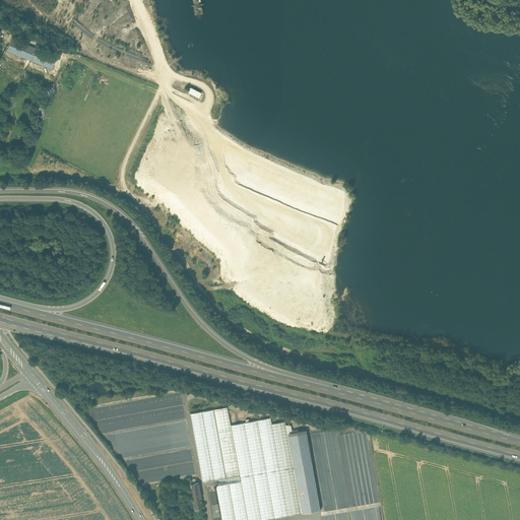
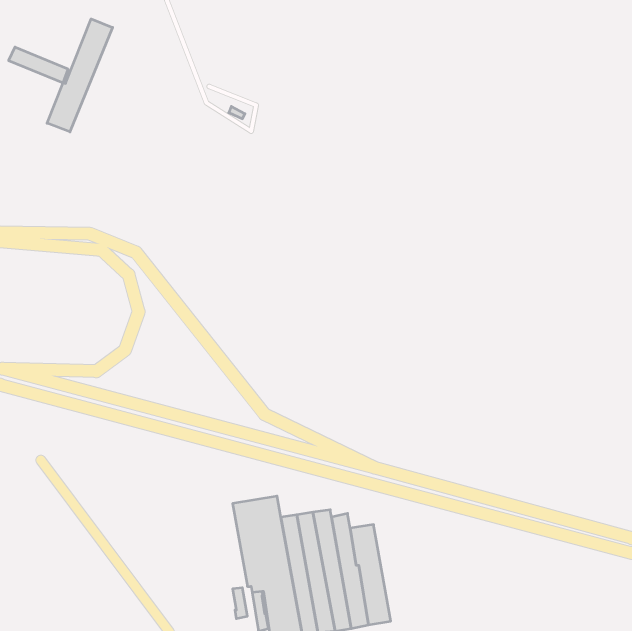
building: none -> [47,19,113,132]

